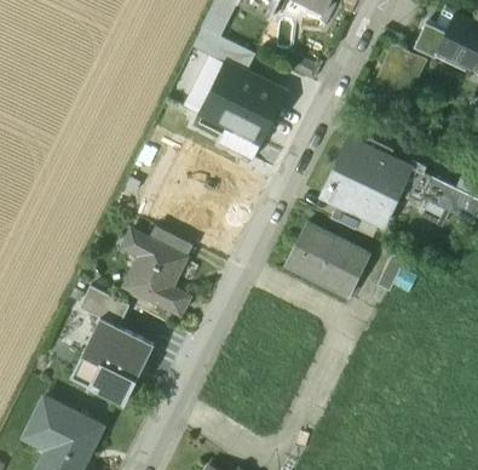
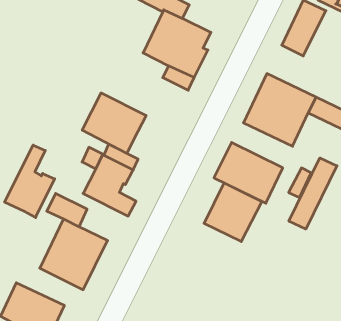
building: none -> [82,93,146,153]
building: none -> [5,145,55,218]
building: none -> [289,158,337,229]
building: none -> [204,183,262,242]

